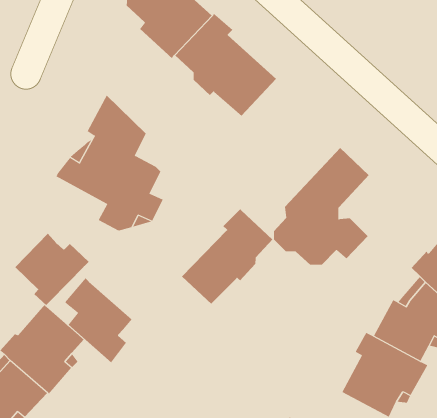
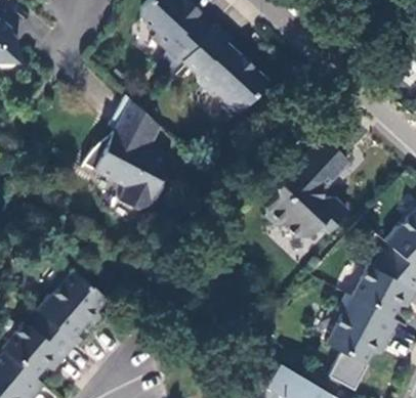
building: [181,208,273,305] -> none
building: [15,233,89,306] -> none
building: [65,277,132,363] -> none

